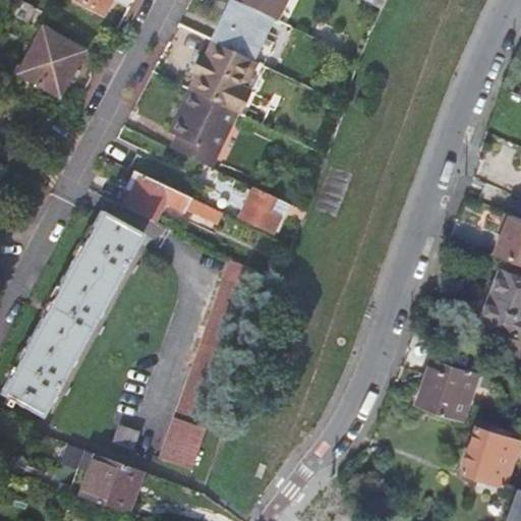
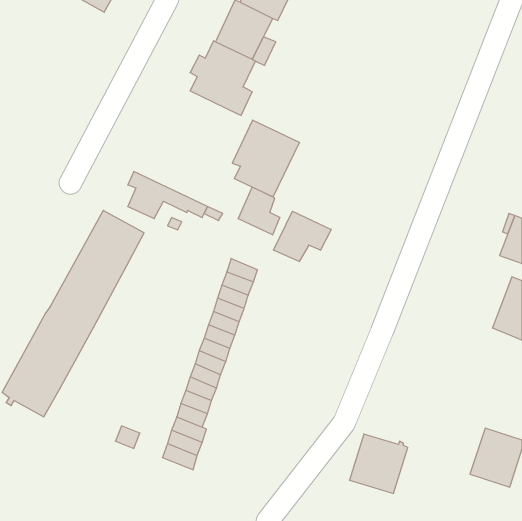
building: [19,28,86,96] -> none
building: [169,91,236,167] -> [232,120,300,197]
building: none -> [274,211,331,262]
building: [421,363,479,422] -> [349,434,408,493]
building: [63,453,143,512] -> none

